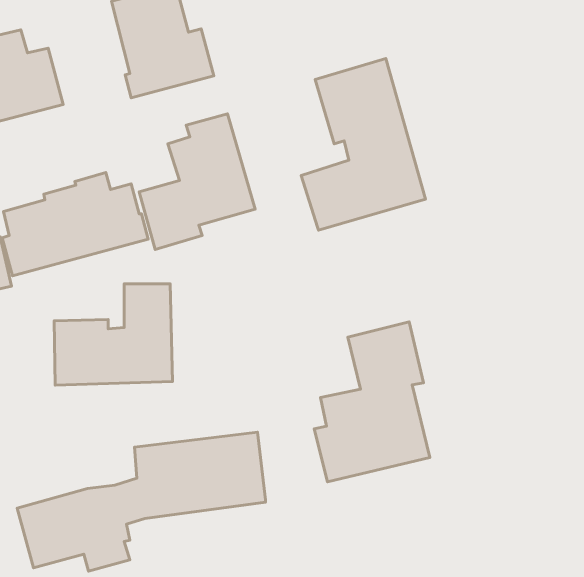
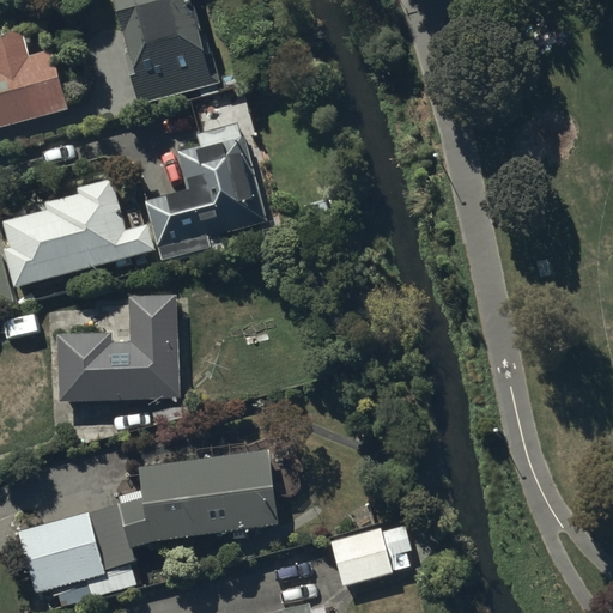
building: [301,59,426,230] -> none
building: [314,322,430,482] -> none
building: none -> [330,526,396,583]

